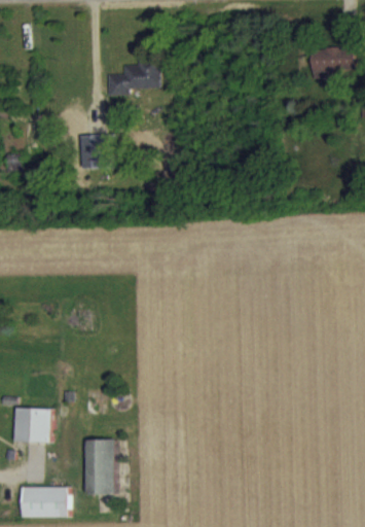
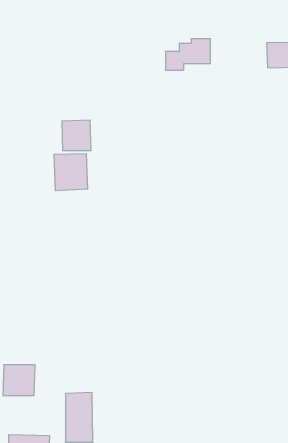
building: [108,61,158,96] -> [165,39,210,70]
building: none -> [54,154,87,191]

